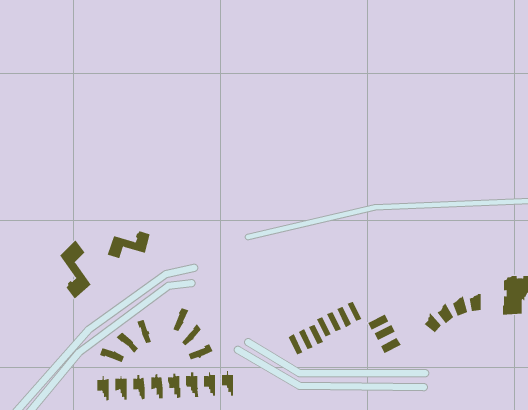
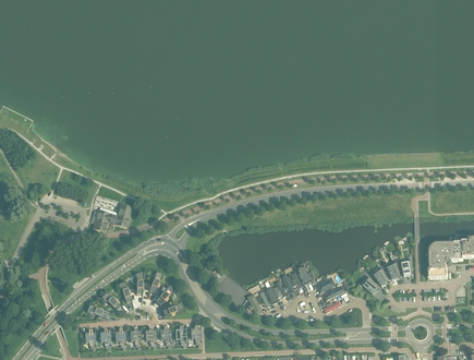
building: [59,239,92,299] -> none

